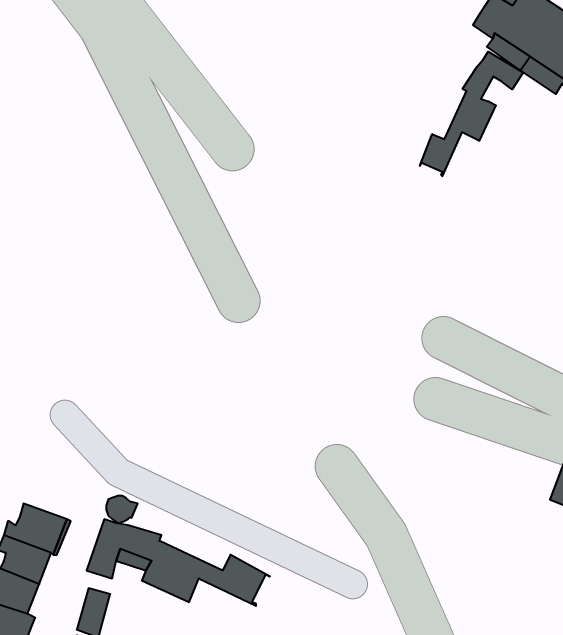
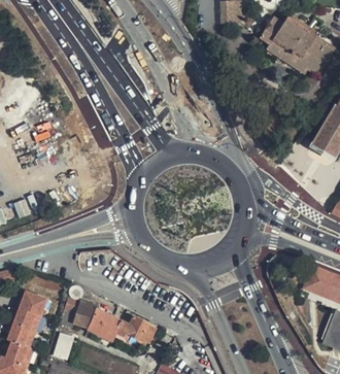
building: [420,52,523,176] -> none

